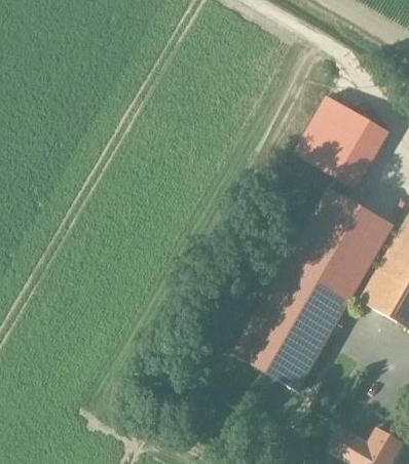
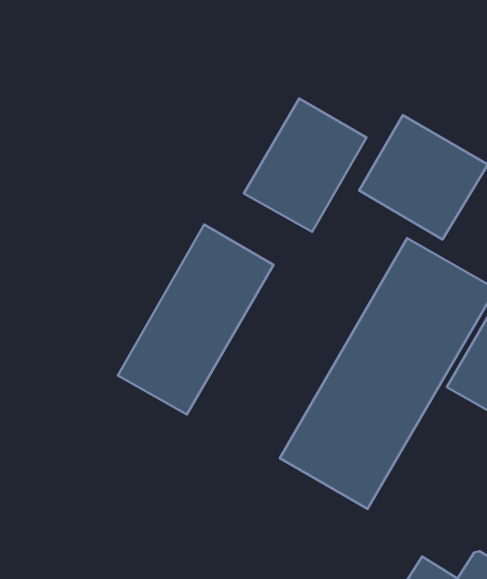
building: none -> [244,98,366,232]
building: none -> [118,224,273,415]

